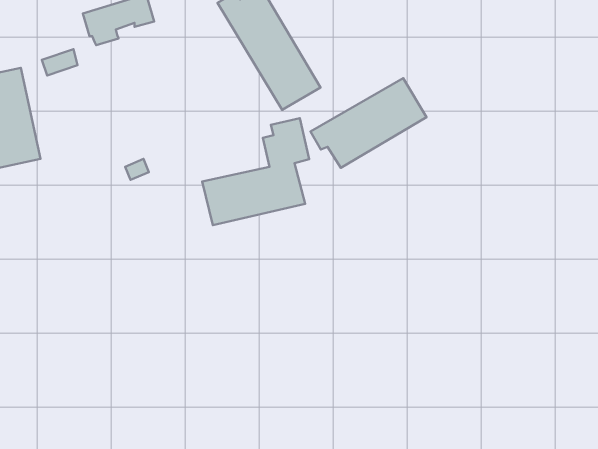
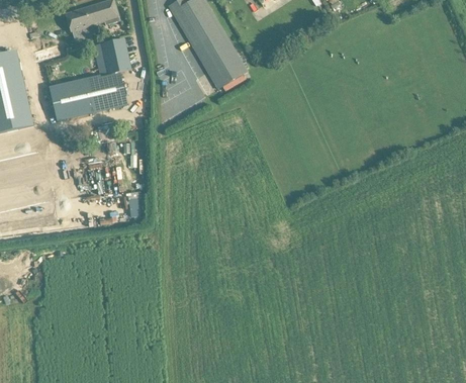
building: [311,78,426,168] -> none
building: [202,118,309,225] -> [49,38,130,120]

